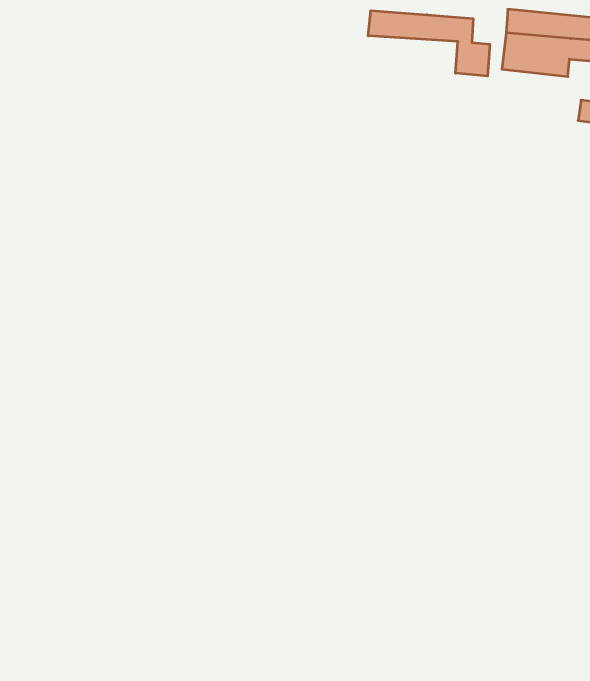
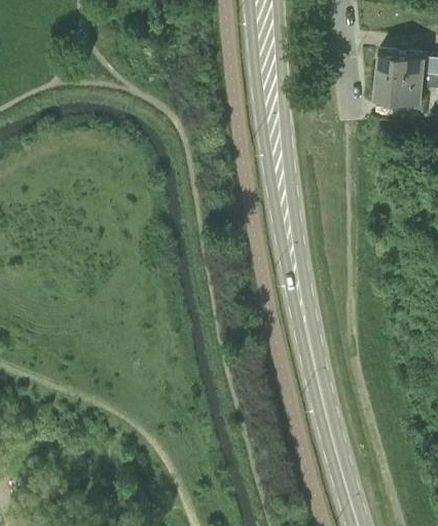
building: [368,11,490,76] -> none

